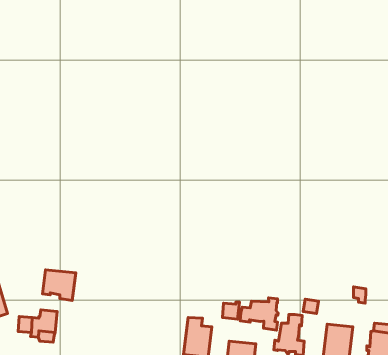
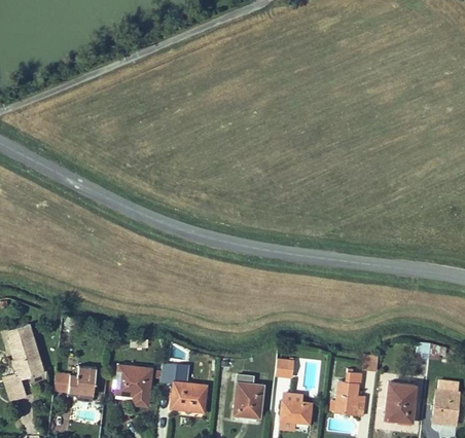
building: [43,270,76,300] -> [116,366,152,399]
building: [240,298,278,330] -> none
building: none -> [160,363,207,411]

